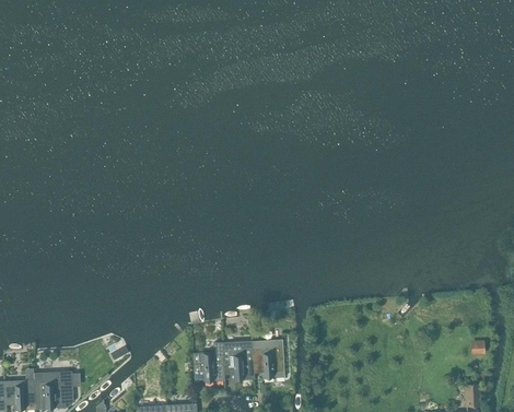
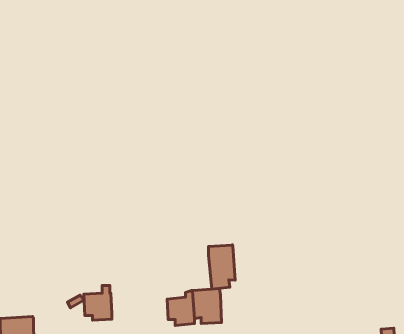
building: none -> [208,245,235,289]
building: [192,342,224,381] -> [84,285,112,320]

